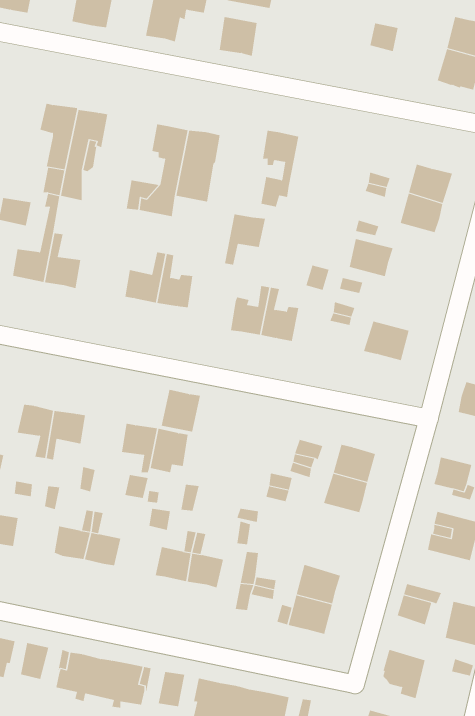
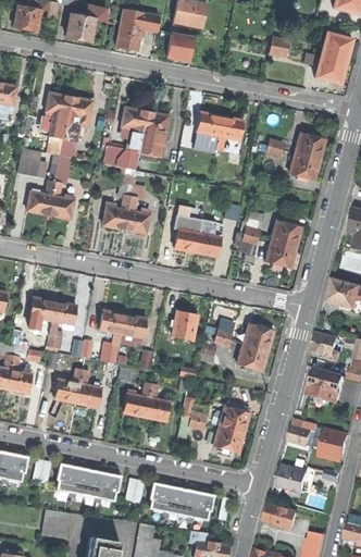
building: [224,214,266,265] -> [214,114,242,149]
building: [349,238,394,277] -> [271,220,301,246]
building: [161,389,201,432] -> [171,309,198,338]

